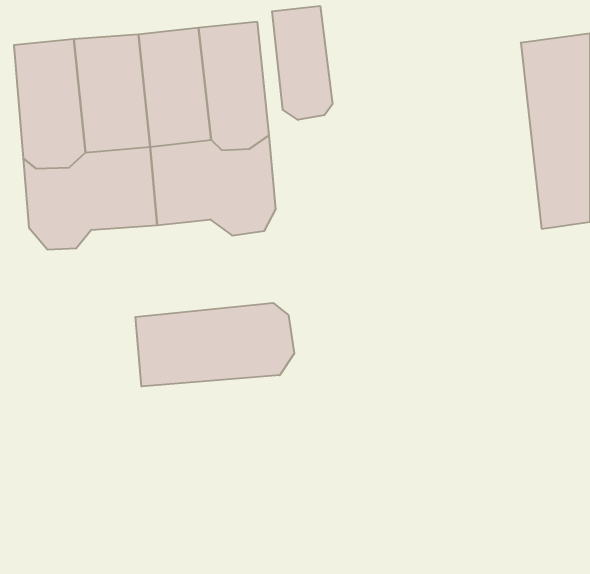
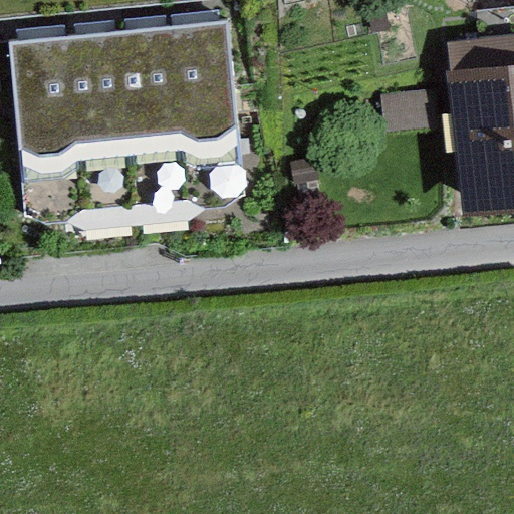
building: [272,6,332,120] -> none
building: [135,303,294,387] -> none

